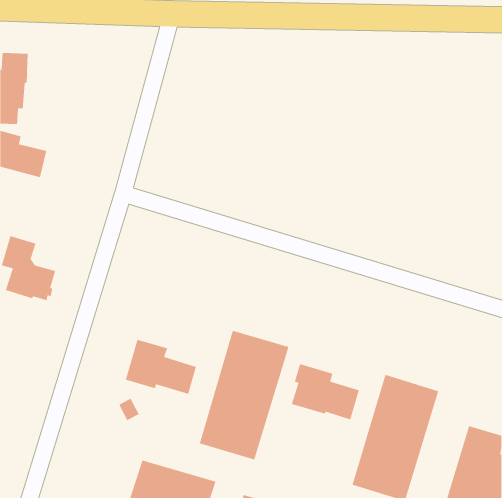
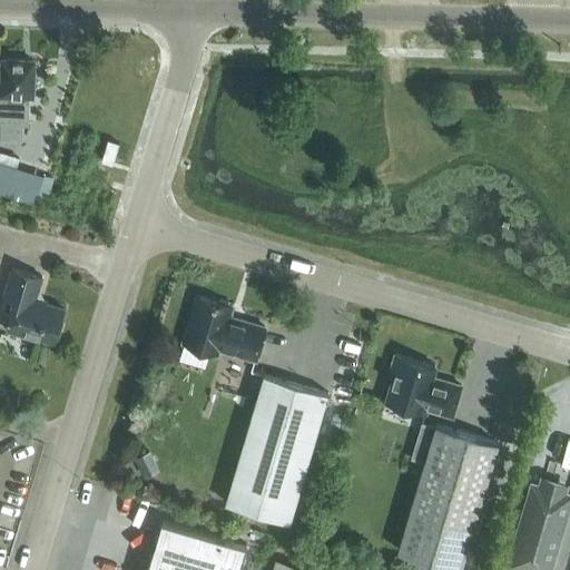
building: [125,339,197,395] -> [183,301,264,364]
building: [291,363,360,420] -> [385,358,463,423]

